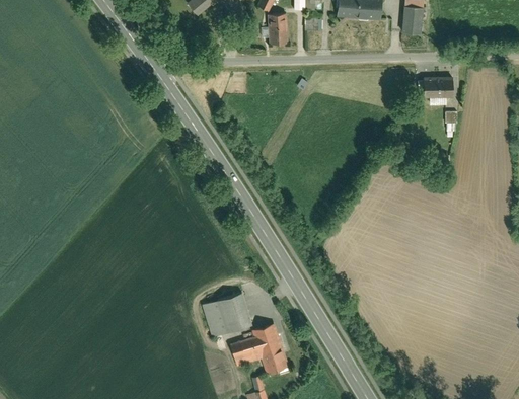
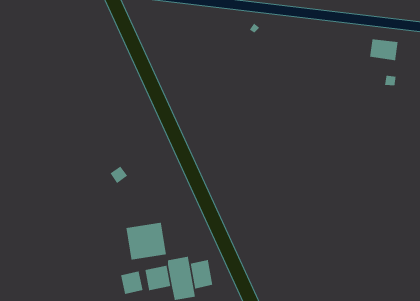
building: none -> [190,259,213,289]
building: none -> [120,271,143,295]

